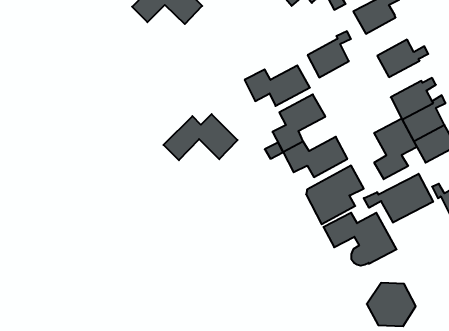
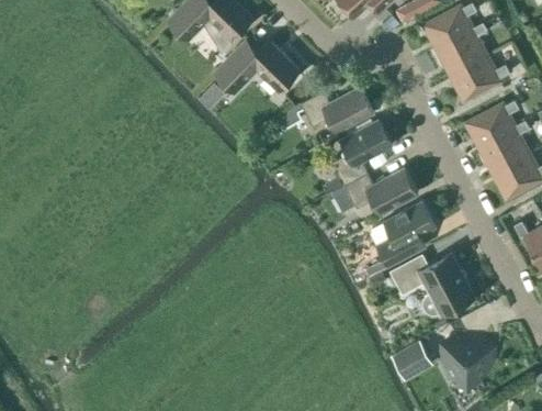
building: [308,31,351,77] -> [438,23,487,76]
building: [163,114,238,160] -> [214,41,298,93]
building: [374,119,417,179] -> none
building: [364,174,433,223] -> none
building: none -> [391,341,431,380]

